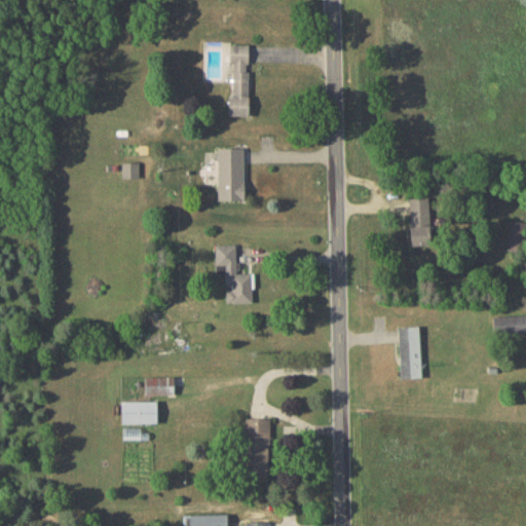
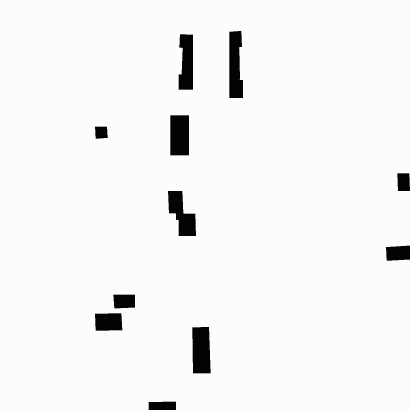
building: none -> [229,30,243,99]
building: [409,198,429,246] -> none
building: [399,327,421,378] -> none

